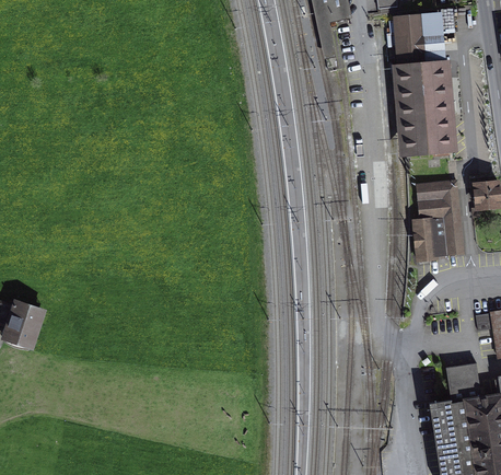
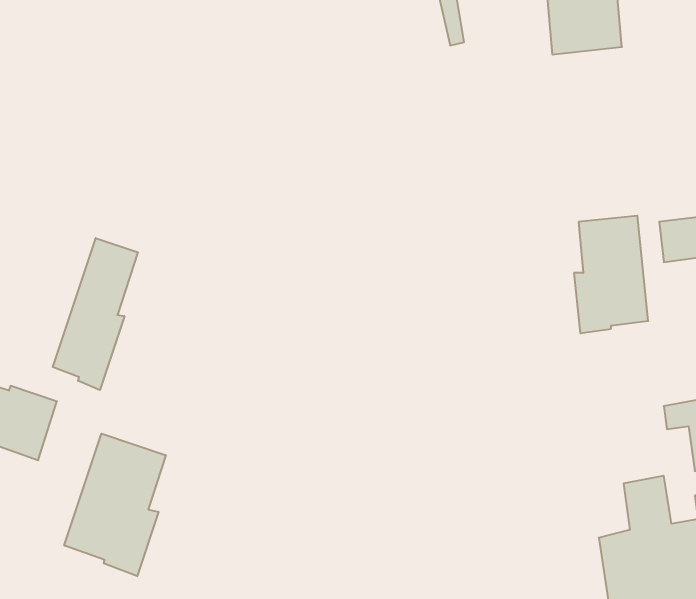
building: [395,59,458,157] -> none
building: none -> [53,238,138,390]
building: none -> [64,434,166,576]

